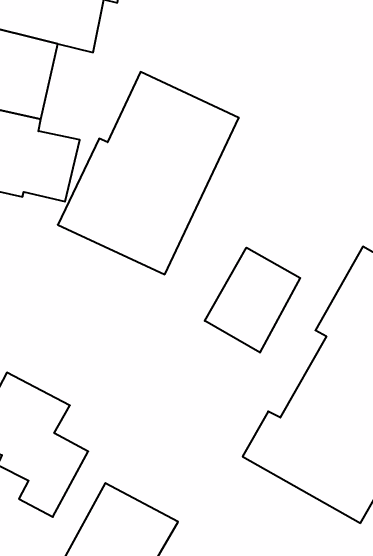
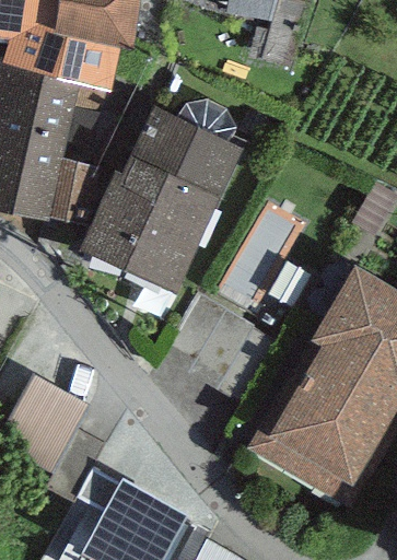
building: [205,248,300,353] -> none

